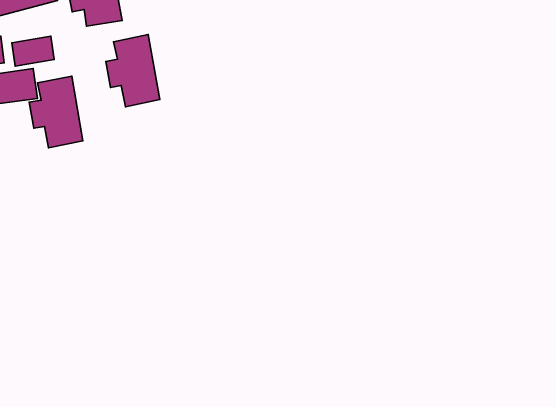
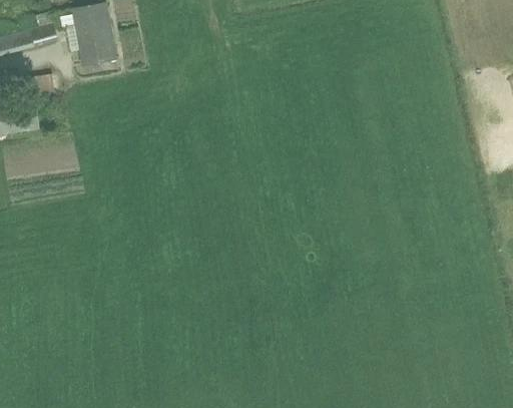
building: [106,35,160,107] -> none
building: [29,76,83,148] -> none

